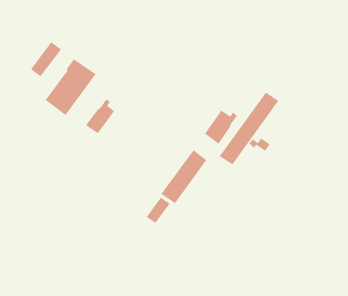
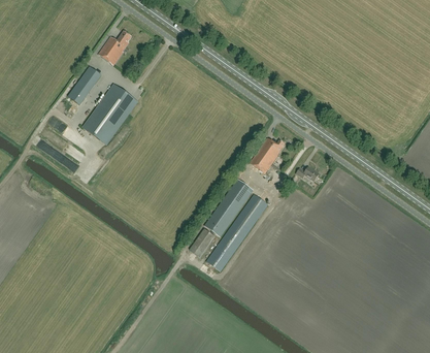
building: none -> [98,30,131,65]
building: [219,92,279,165] -> [205,194,268,270]
building: [85,99,115,134] -> none

